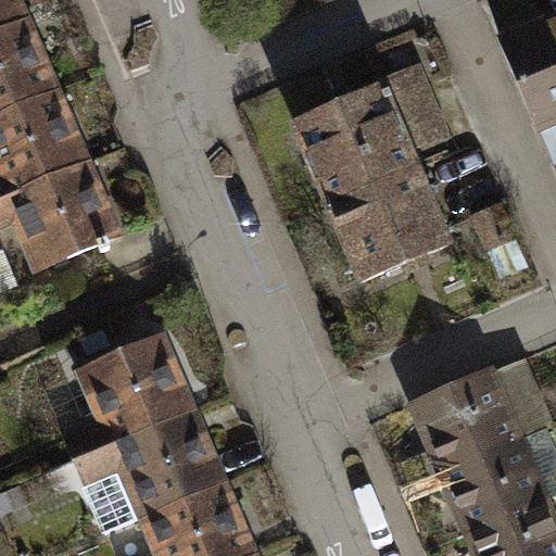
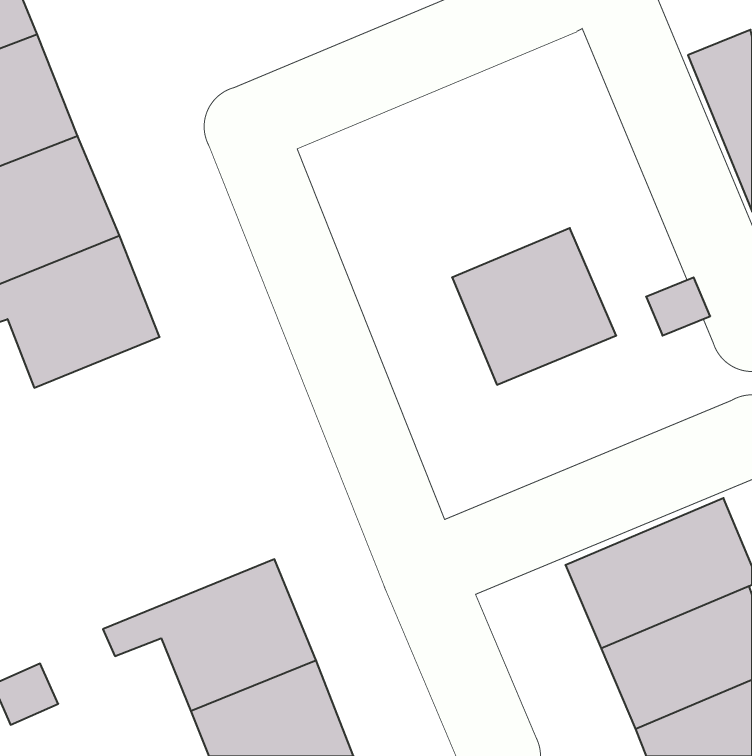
building: [295,71,448,202] -> none
building: [66,323,200,458] -> none

